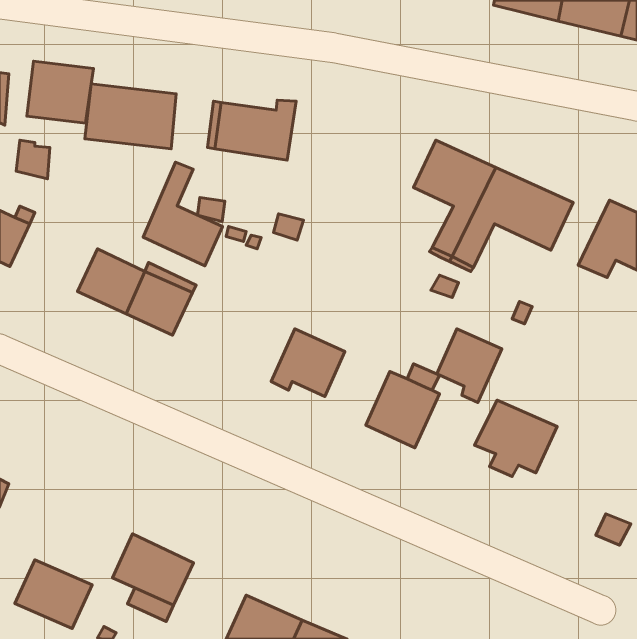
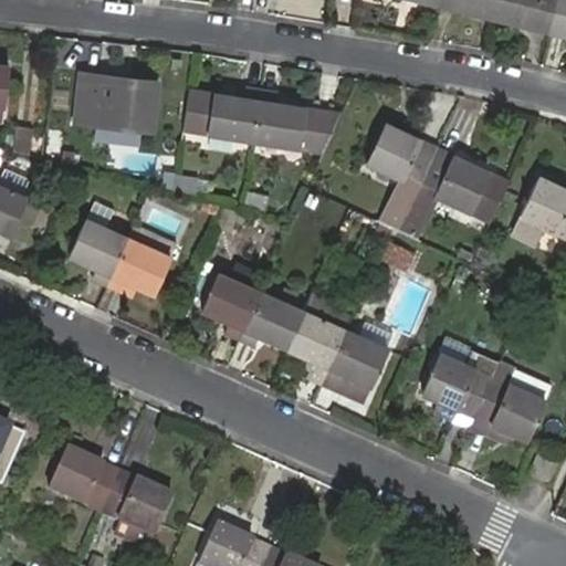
building: [27,61,93,123] -> none
building: none -> [254,90,342,154]
building: [143,162,222,266] -> none
building: none -> [202,272,261,337]
building: [437,329,502,403] -> [287,311,345,376]
building: none -> [474,361,553,441]
building: [15,560,92,628] -> [49,450,117,511]

